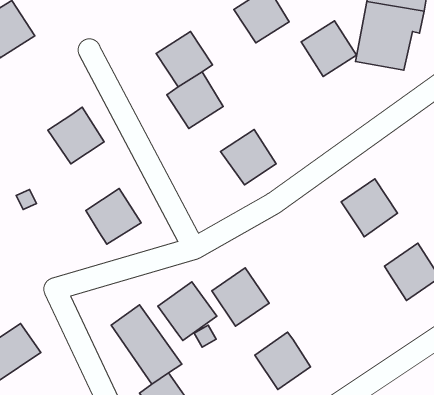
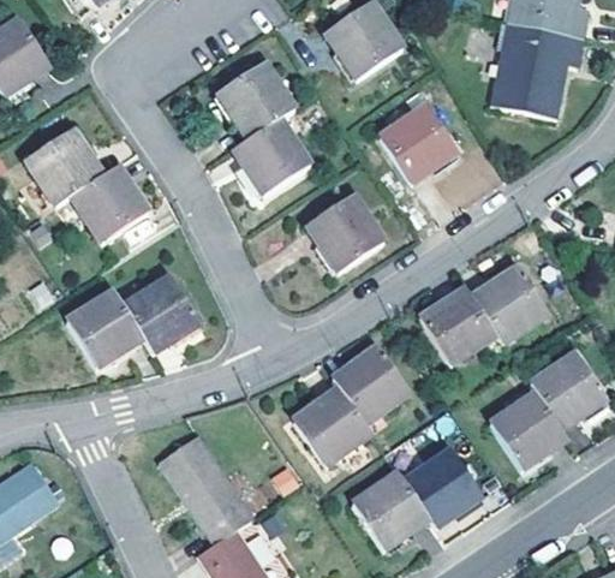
building: [301,21,357,76] -> [377,106,453,181]
building: none -> [25,127,103,204]
building: none -> [419,285,497,364]
building: none -> [61,287,141,365]
building: none -> [334,342,412,422]
building: none -> [490,391,567,469]
building: [158,282,217,340] -> none
building: none -> [405,448,482,528]

